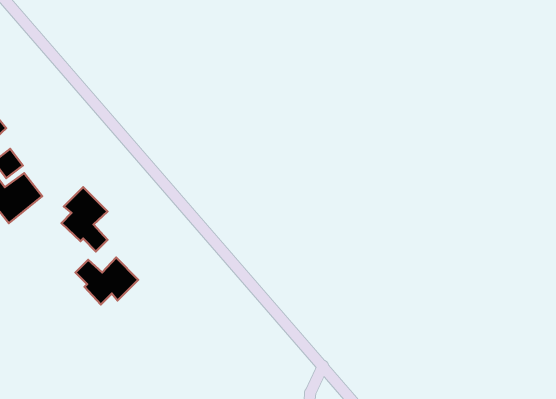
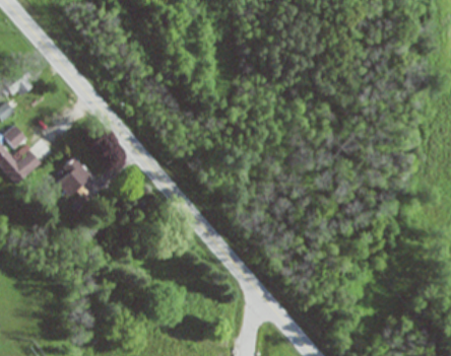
building: [76,258,138,304] -> none

